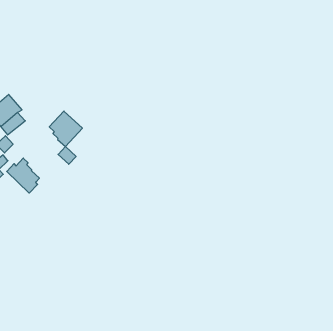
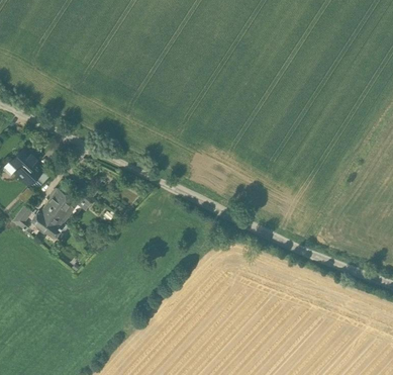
building: [49,111,82,147] -> [45,188,77,221]

